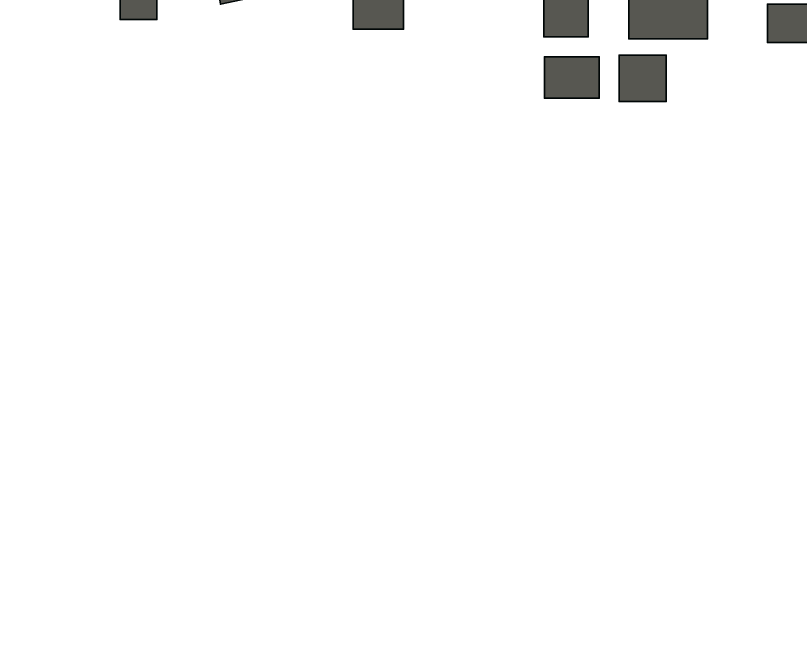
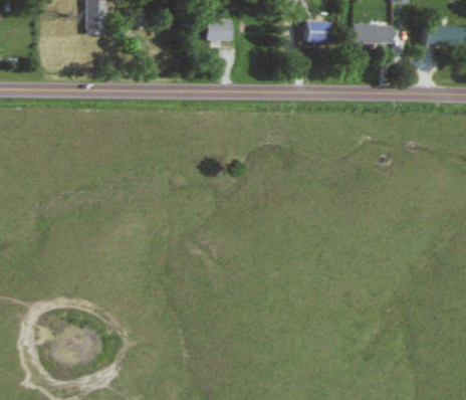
building: [619,55,666,102] -> none
building: [544,57,599,98] -> none

